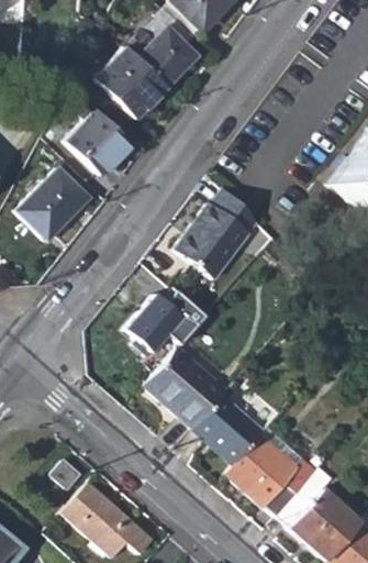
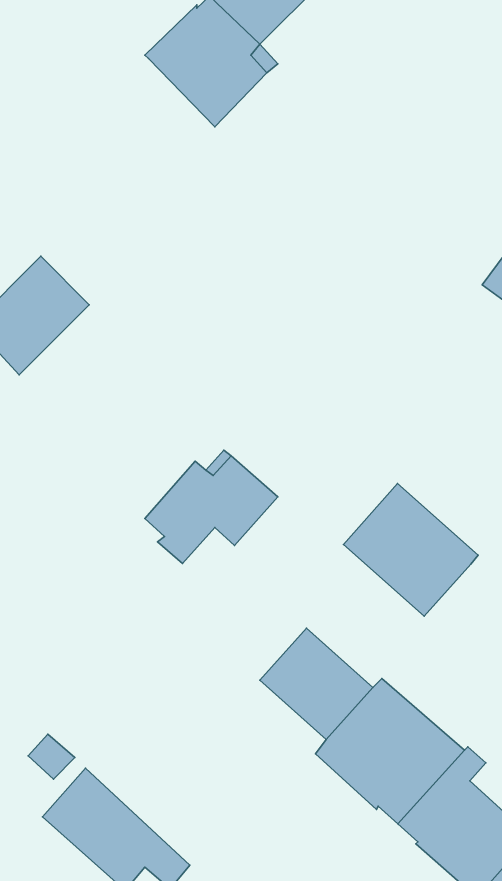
building: [96,48,167,121] -> none
building: [67,108,131,176] -> none
building: [175,190,257,282] -> none
building: [145,347,227,429] -> [343,483,478,616]

